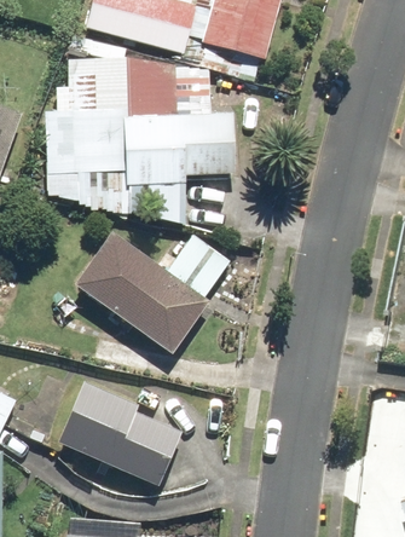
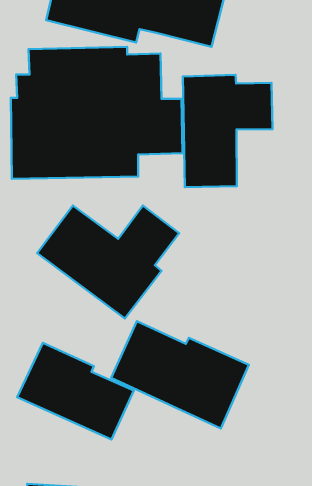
building: none -> [183,75,273,187]
building: none -> [111,321,249,428]

